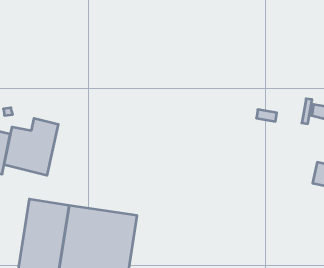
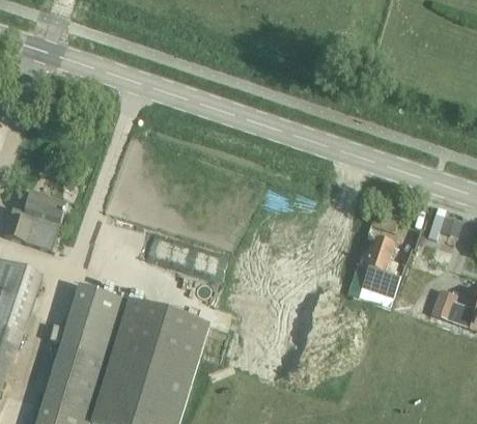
building: [4,118,58,175] -> none
building: none -> [348,235,399,304]

